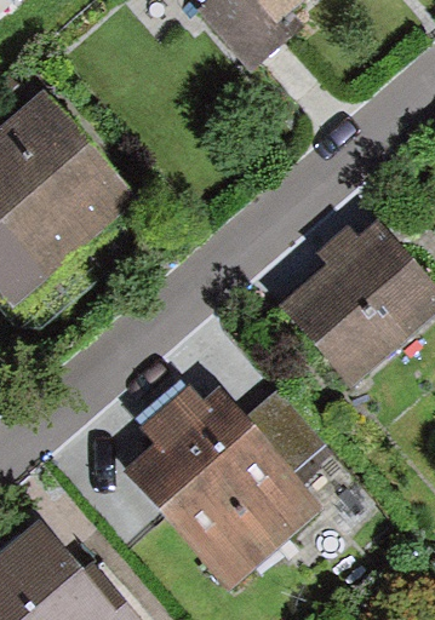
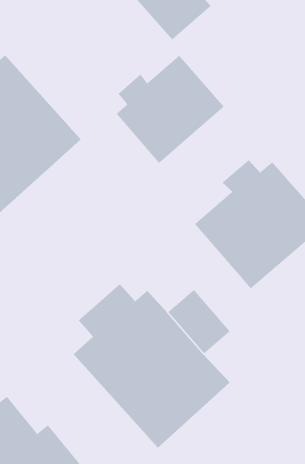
building: none -> [116,55,224,164]

